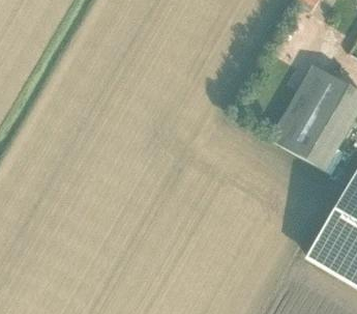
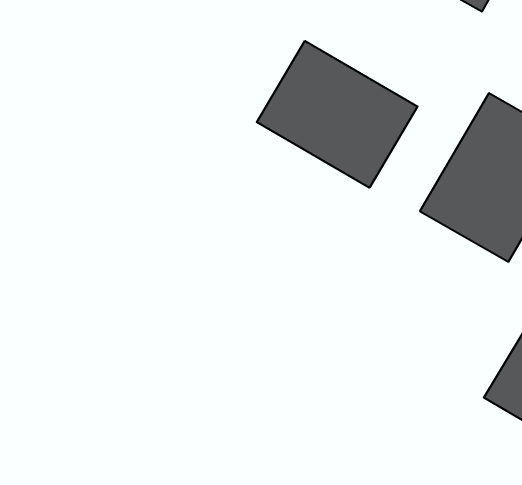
building: none -> [257,41,418,188]

